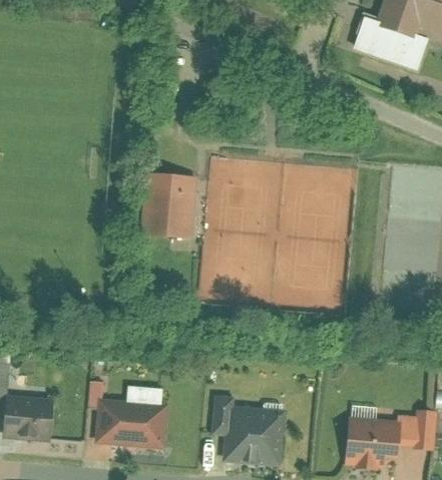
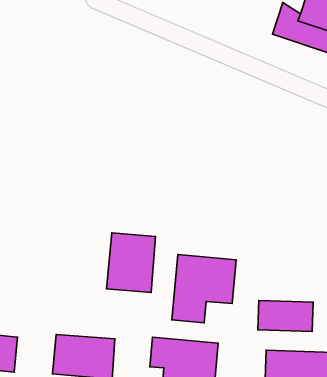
building: [138,172,194,241] -> [107,233,156,292]
building: none -> [172,254,236,323]
building: none -> [258,300,313,332]

